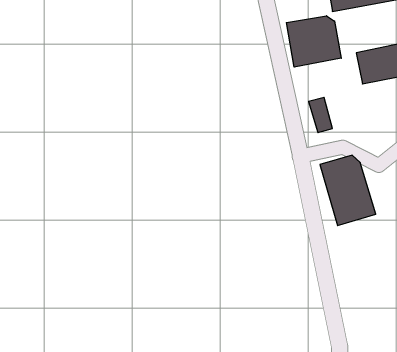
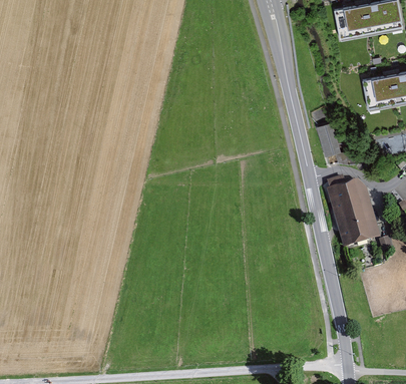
building: [286,16,341,67] -> none

